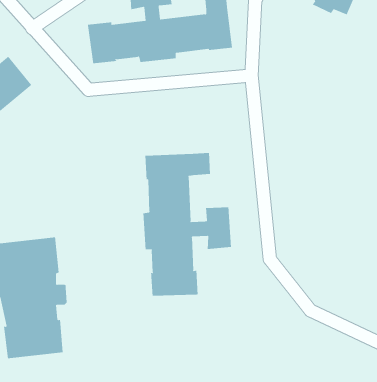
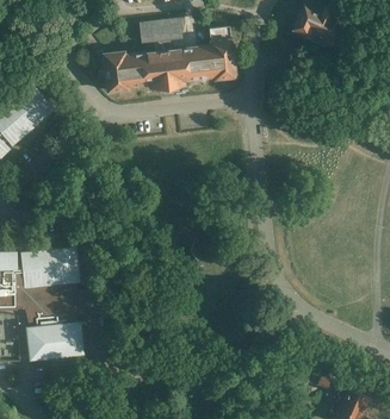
building: [143,152,232,297] -> none

